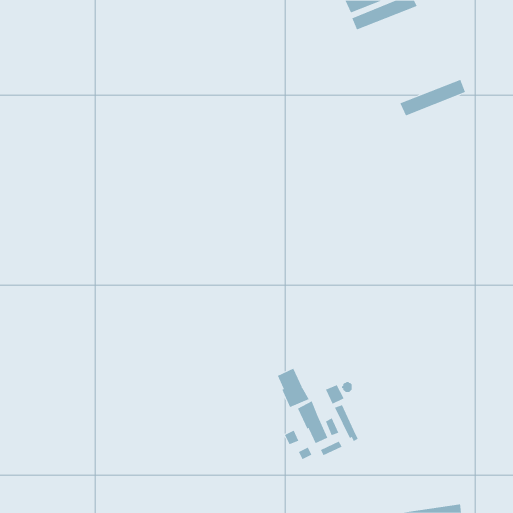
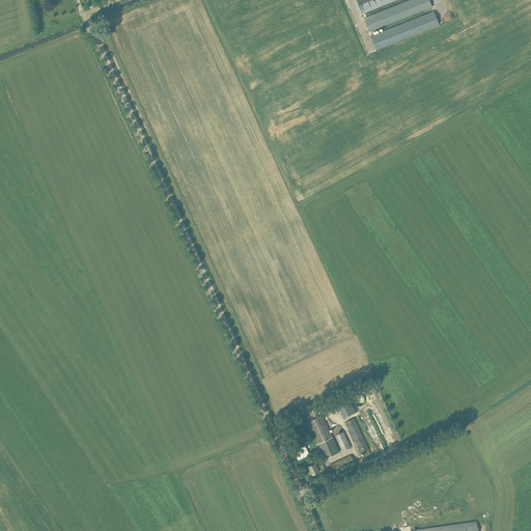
building: [400,79,466,116] -> [370,11,439,50]
building: [277,368,309,408] -> none

